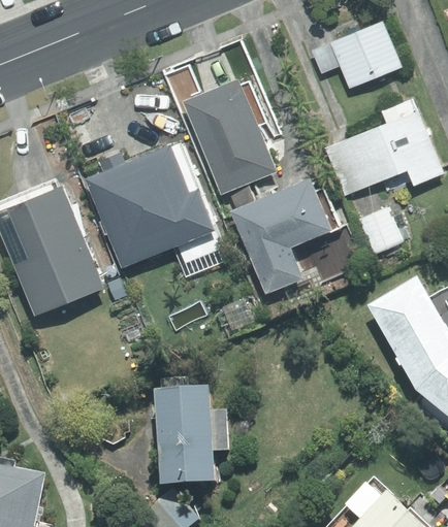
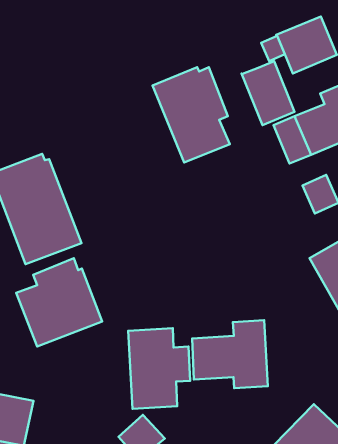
building: none -> [241,61,295,125]
building: [85,140,230,278] -> none
building: [230,179,339,294] -> none
building: none -> [16,258,102,347]
building: none -> [192,320,268,388]

